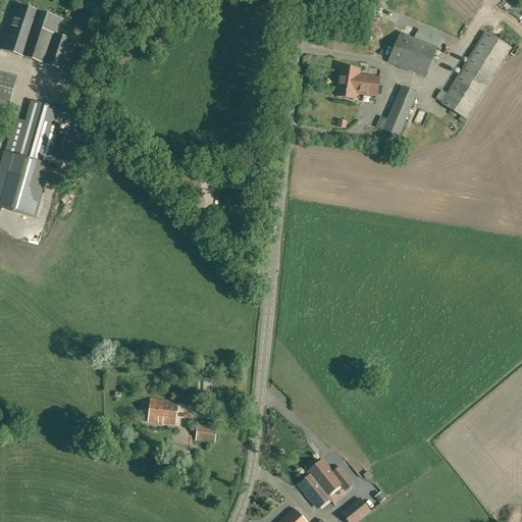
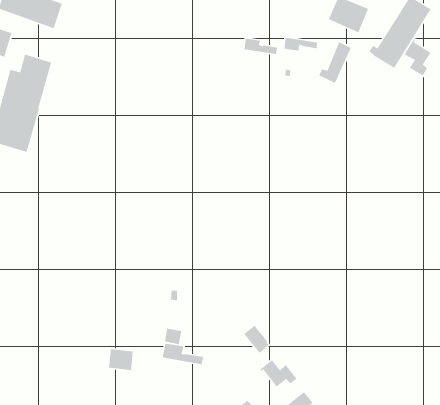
building: [337,66,378,87] -> [244,38,278,55]
building: none -> [403,38,431,76]
building: [147,398,176,424] -> [108,348,133,371]
building: none -> [162,343,204,365]
building: [298,473,328,508] -> [243,324,269,354]

